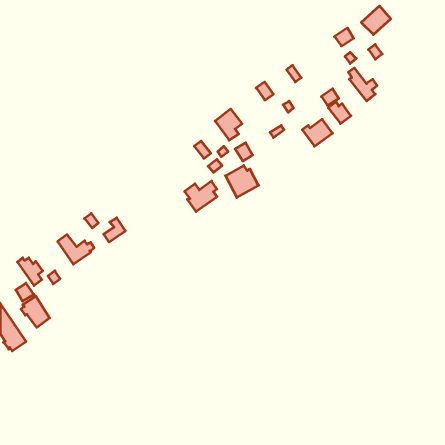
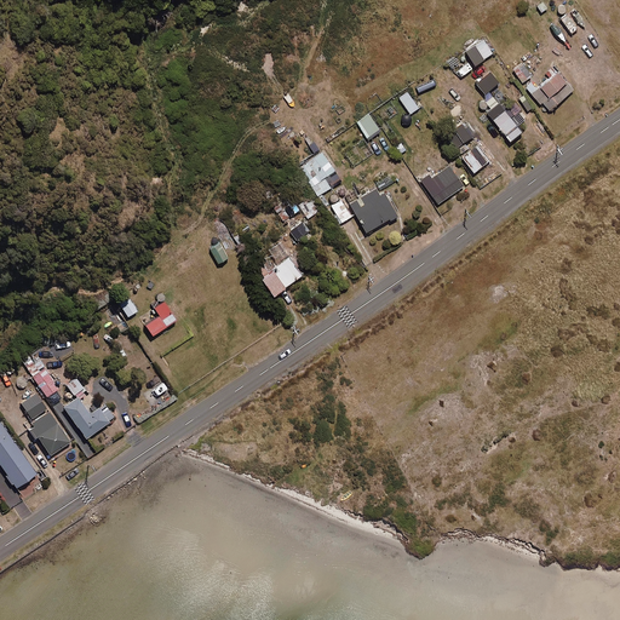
building: [361,6,391,35] -> [532,71,573,111]
building: [225,165,259,198] -> [350,188,396,232]
building: [58,235,94,264] -> [64,397,115,438]

